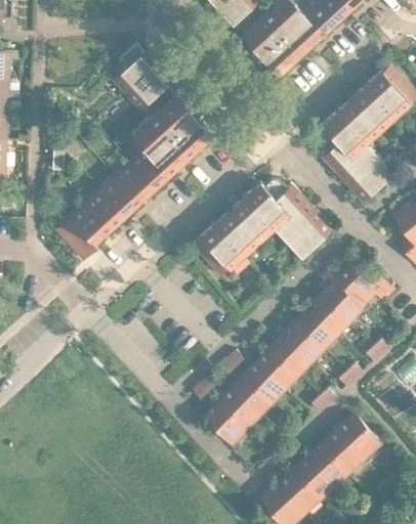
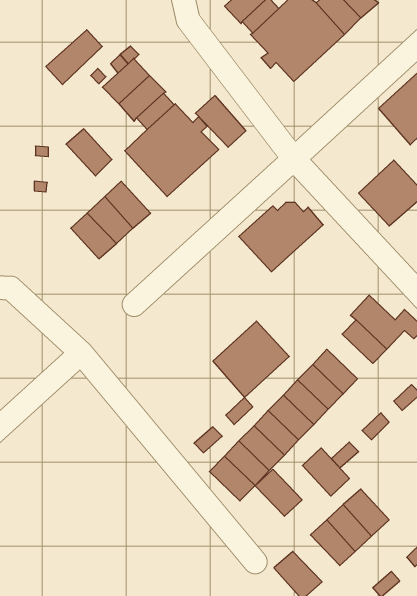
building: none -> [46,30,102,85]
building: none -> [195,96,246,147]
building: [320,98,381,172] -> none
building: [129,148,169,189] -> [66,129,112,176]
building: [275,200,333,257] -> none
building: [56,203,110,260] -> none
building: [194,210,260,276] -> [213,321,289,397]
building: [308,295,348,334] -> none
building: [338,414,379,456] -> [302,448,349,496]
building: [279,470,320,511] -> [255,469,302,516]

